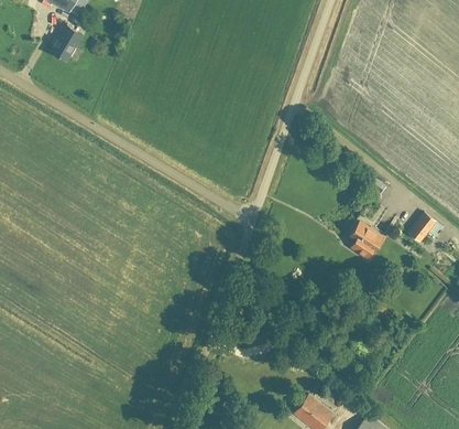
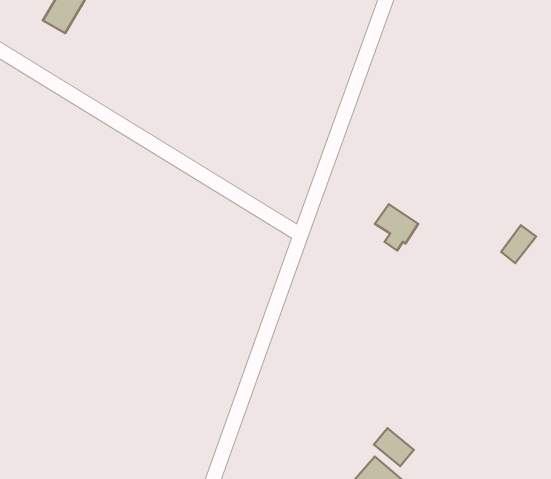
building: [350,223,384,259] -> [375,204,418,250]
building: none -> [374,428,414,466]

